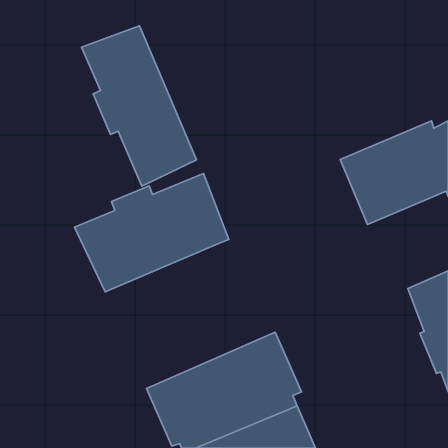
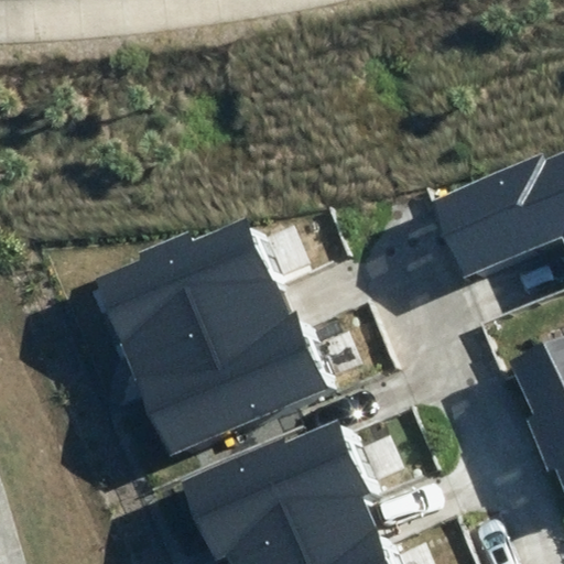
building: [82,26,197,186] -> none
building: none -> [132,301,337,457]

